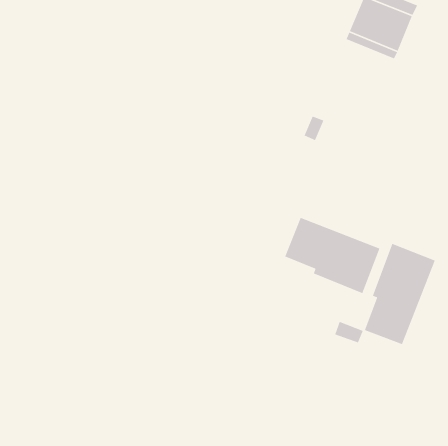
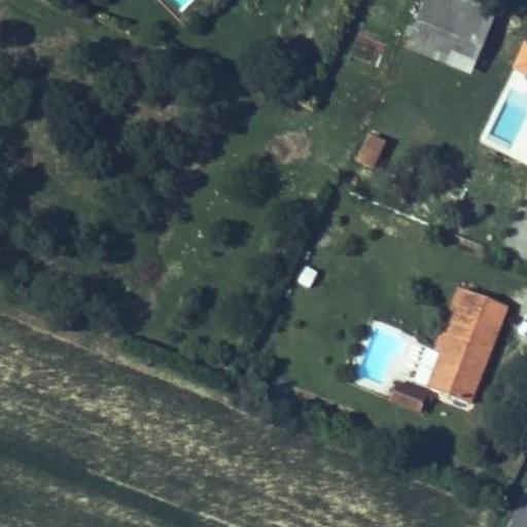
building: [284,217,380,294] -> none

